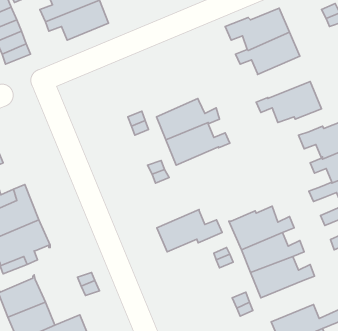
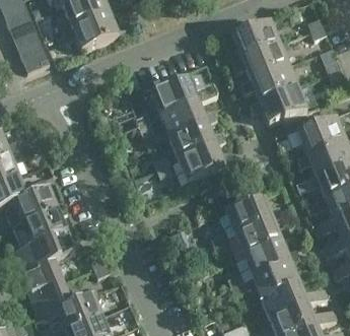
building: none -> [239,64,296,102]
building: none -> [150,75,216,118]
building: [157,210,222,252] -> [178,144,235,182]
building: none -> [253,263,309,299]

